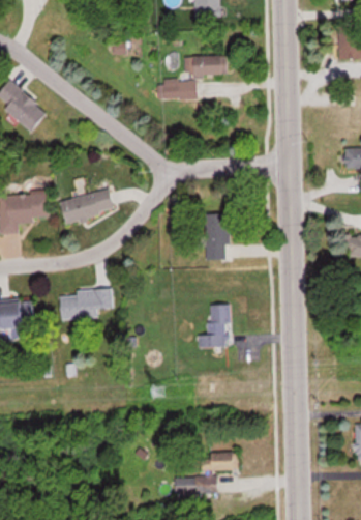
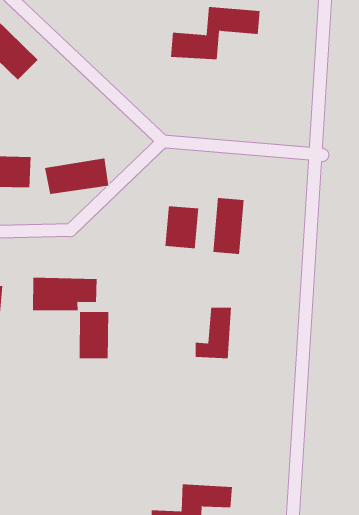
building: none -> [165,205,199,249]
building: none -> [79,311,109,359]

